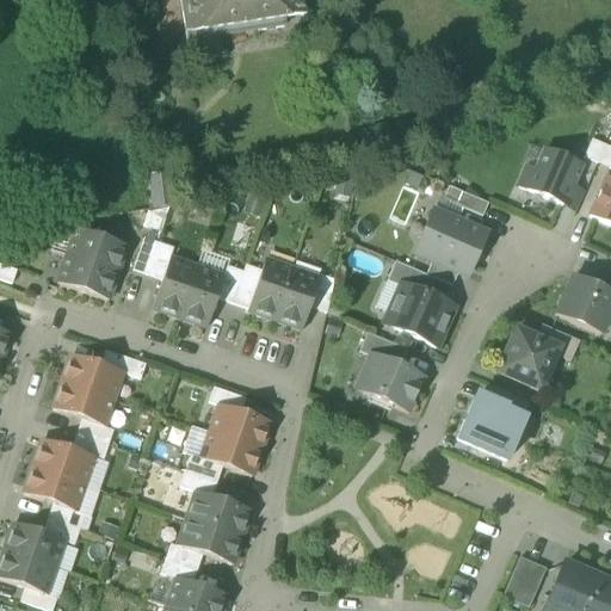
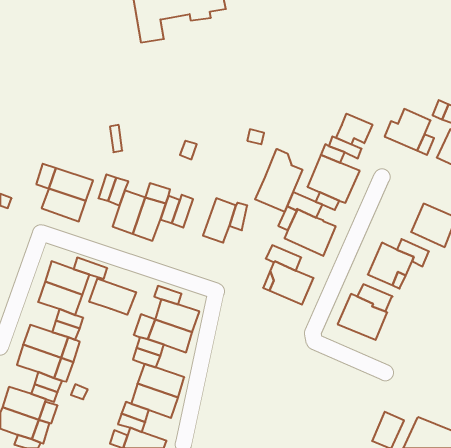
building: none -> [336,114,372,144]
building: none -> [255,149,302,212]
building: [249,259,294,317] -> none
building: none -> [89,279,136,315]

